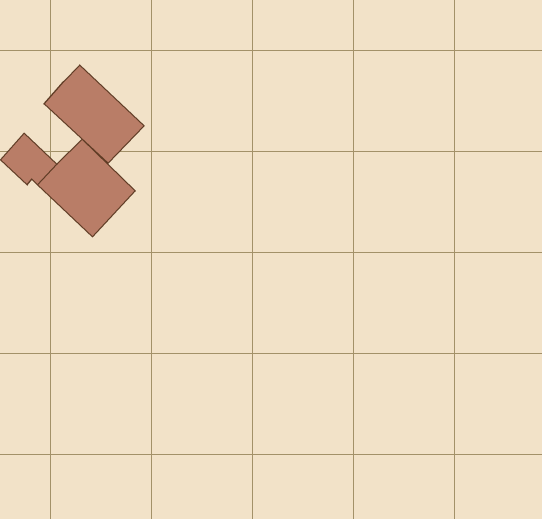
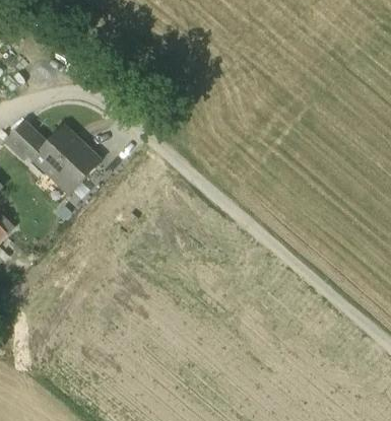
building: [44,65,144,163] -> none

